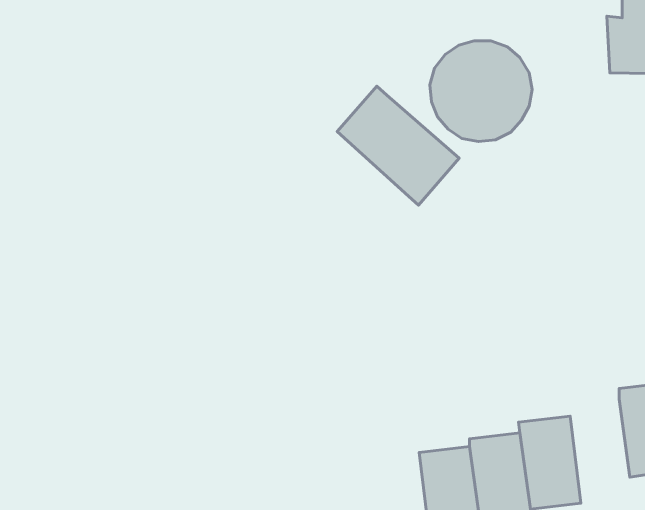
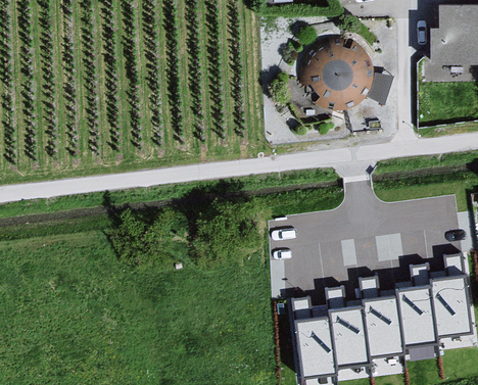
building: [337,86,459,205] -> none
building: none -> [400,282,441,344]

